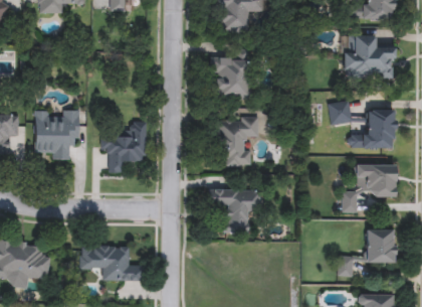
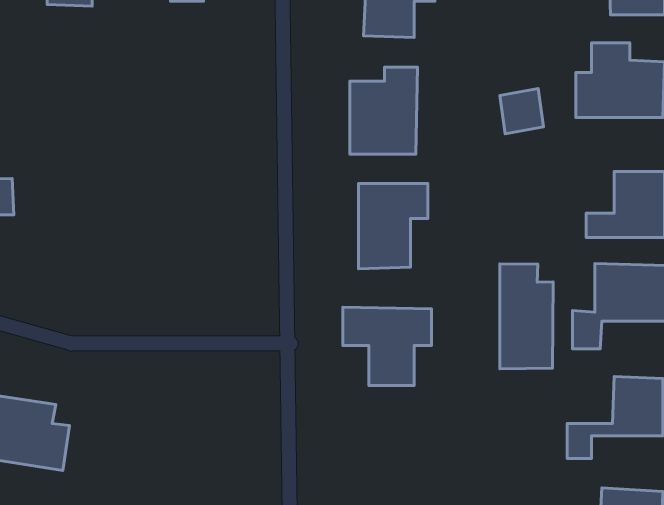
building: [328,100,353,126] -> [500,88,543,134]
building: [35,110,79,158] -> none
building: [101,122,146,173] -> none
building: none -> [500,264,553,369]
building: [79,245,142,282] -> none

